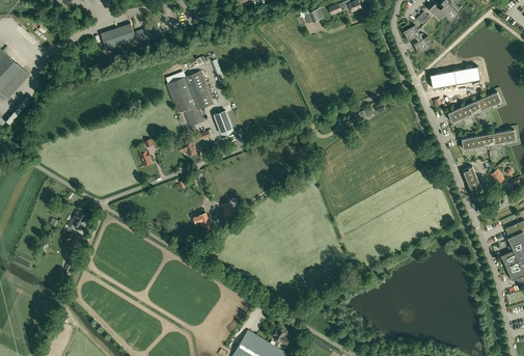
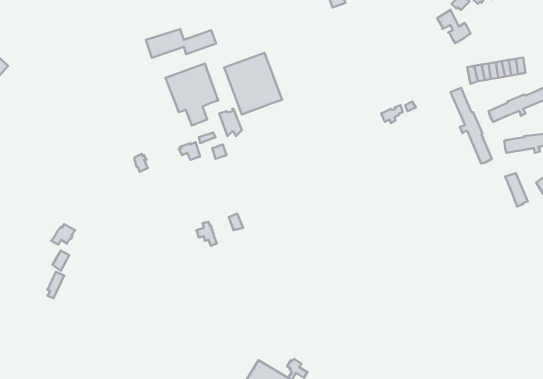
building: [101,24,162,49] -> [146,29,216,58]
building: none -> [224,53,282,115]
building: none -> [450,88,492,163]

